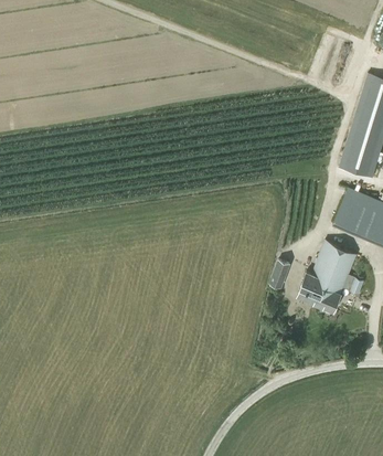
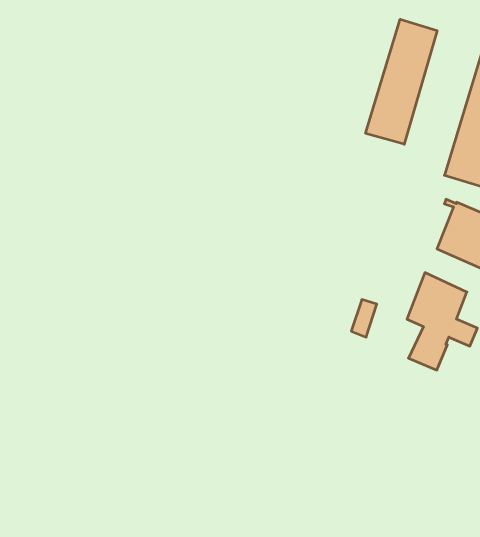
building: none -> [366,19,437,144]
building: [297,273,323,304] -> none

